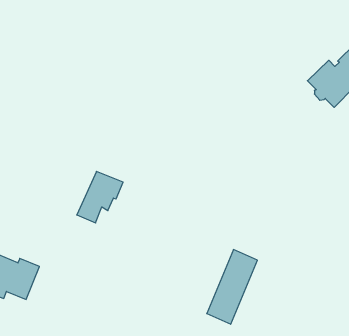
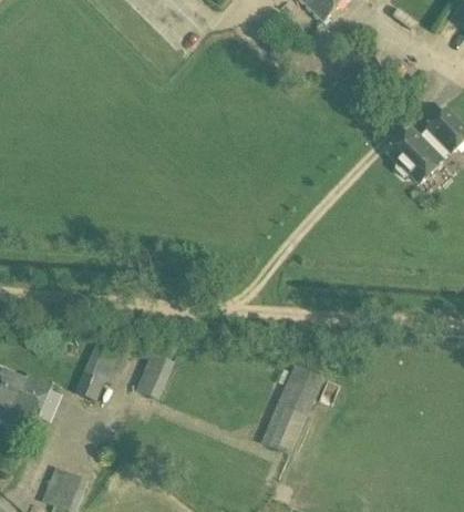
building: [77,171,123,223] -> [73,336,131,400]
building: none -> [136,354,173,398]

